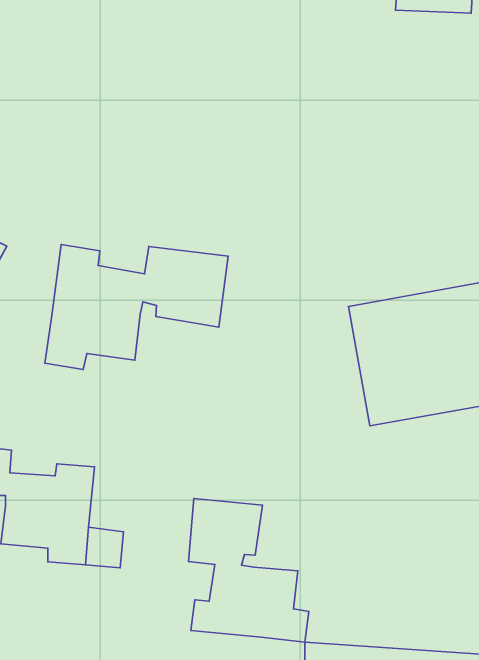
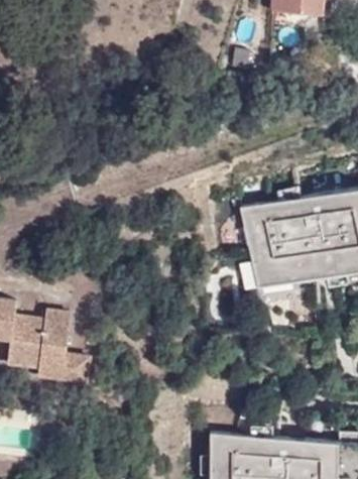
building: [45,245,228,369] -> none
building: [189,499,309,642] -> none

